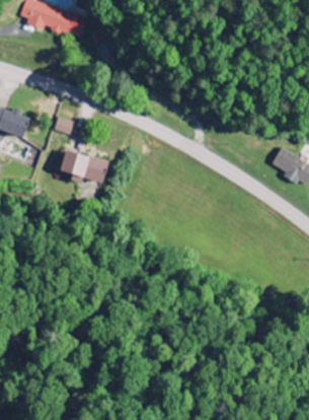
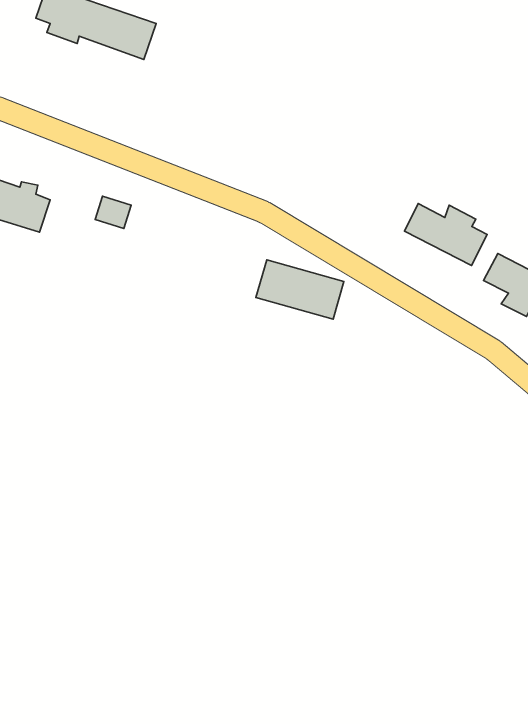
building: none -> [405,204,487,266]
building: [59,149,108,183] -> [256,260,344,319]

